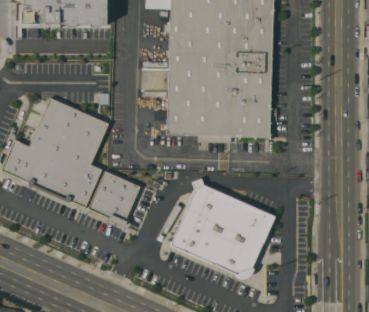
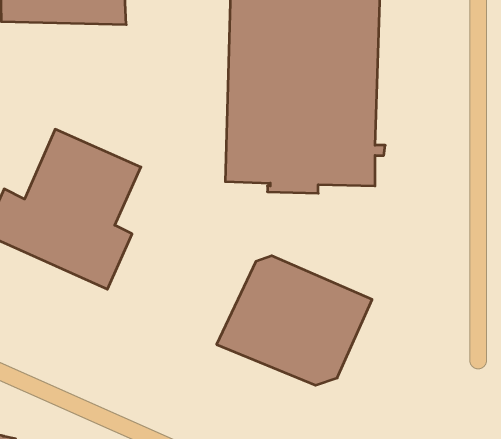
building: [90,171,143,226] -> none

